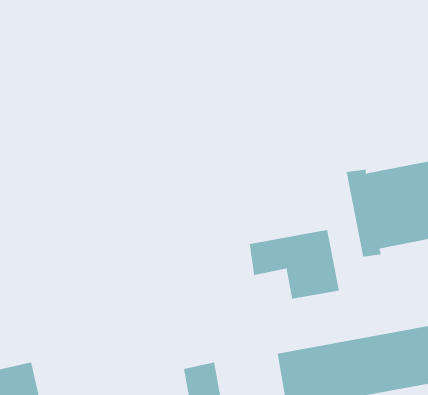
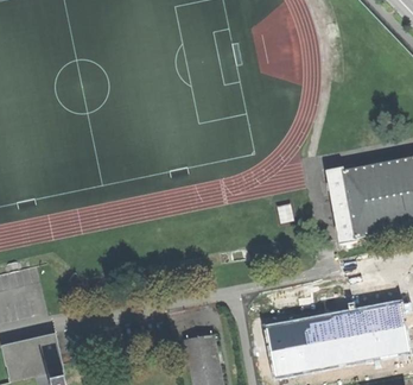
building: [249,229,339,300] -> none

